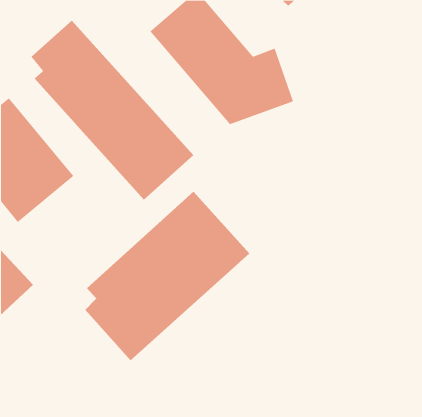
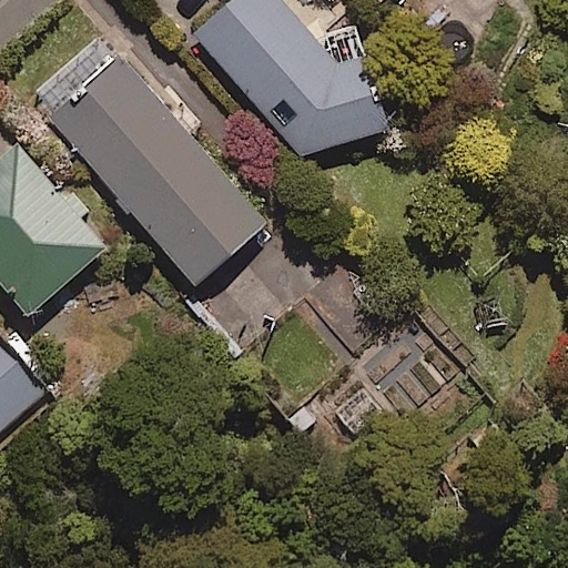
building: [84,191,250,361] -> none

